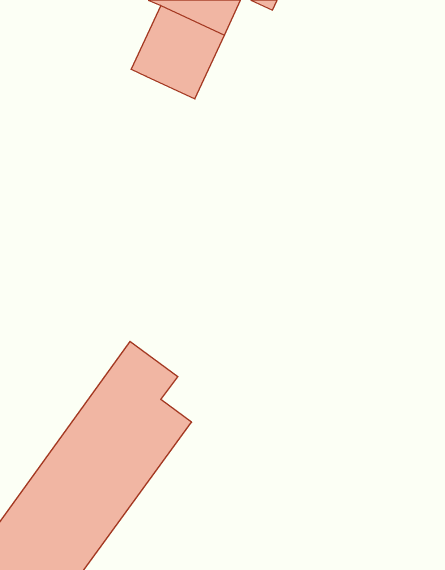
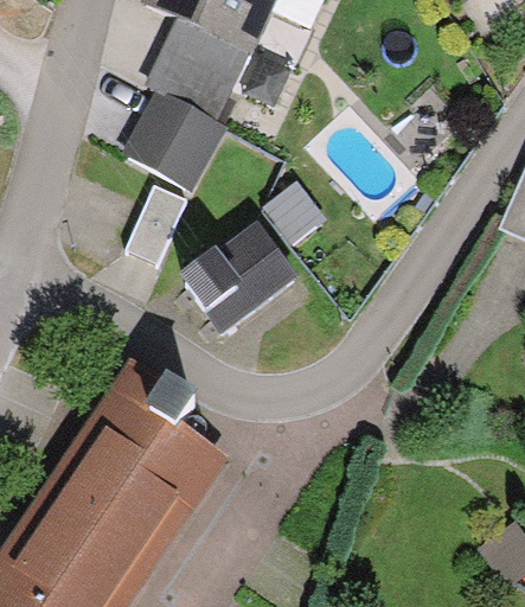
building: none -> [129,91,223,191]
building: none -> [183,228,295,336]

